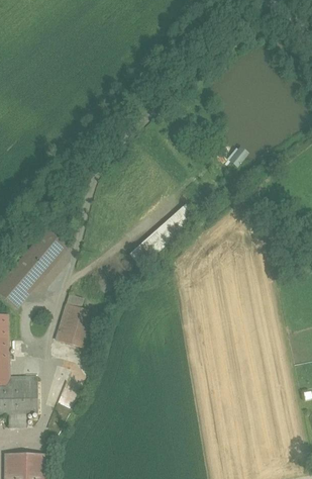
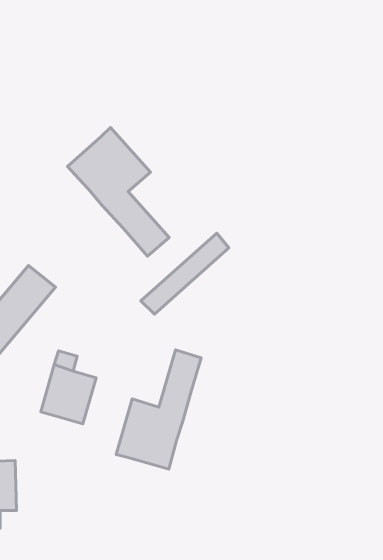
building: none -> [68,127,169,256]
building: none -> [116,350,201,469]

